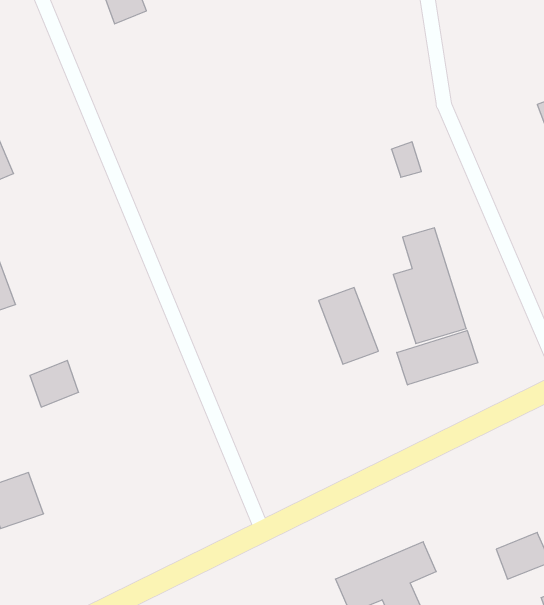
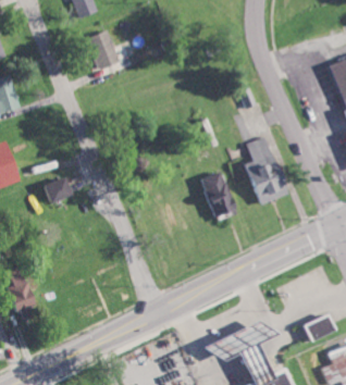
building: none -> [88,29,122,70]
building: [397,330,478,385] -> none
building: [30,360,79,407] -> [41,176,70,203]

